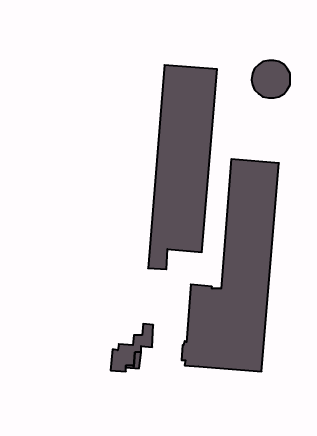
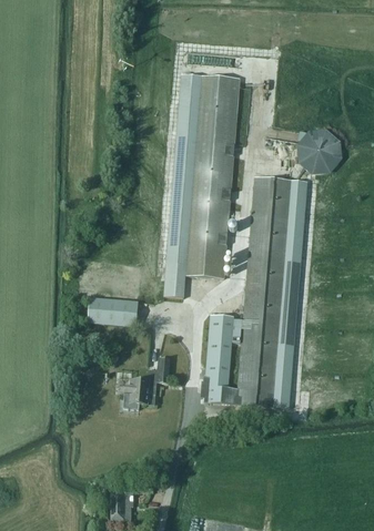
building: [252,61,290,98] -> [297,131,340,172]
building: none -> [88,297,140,326]

